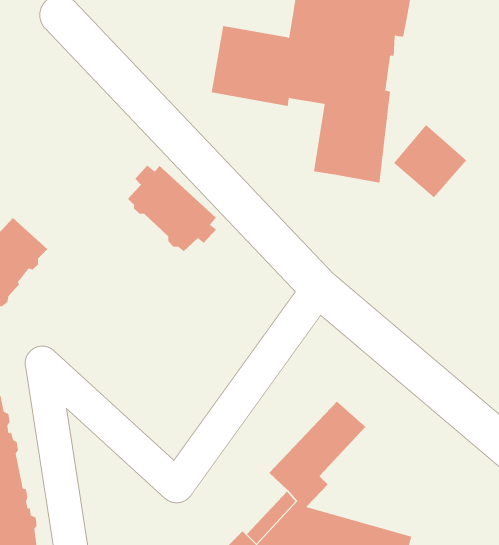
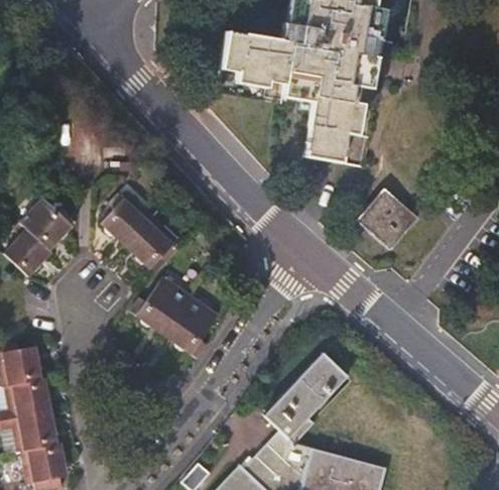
building: [393,124,467,198] -> [355,187,418,250]
building: [127,165,217,252] -> [101,194,177,268]
building: none -> [130,276,219,358]

